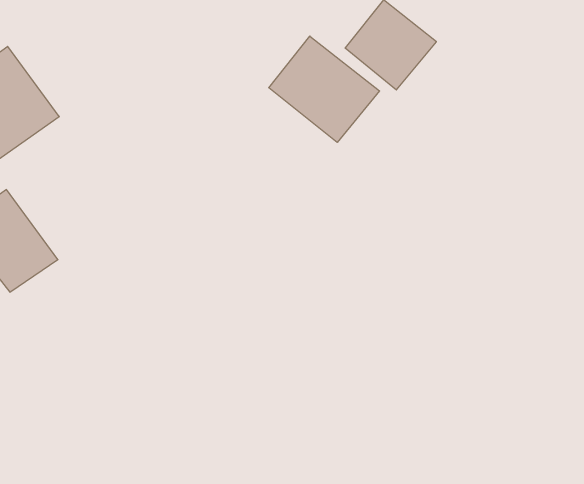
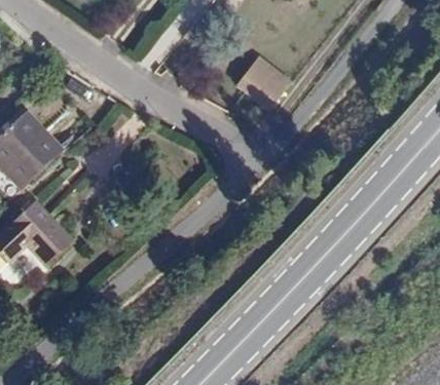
building: [269,36,380,142] -> none

